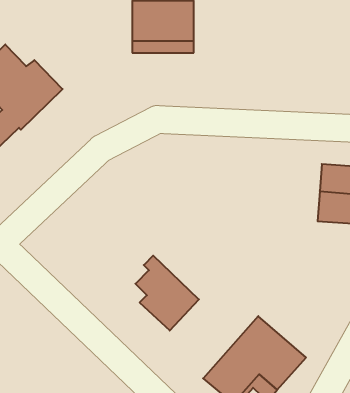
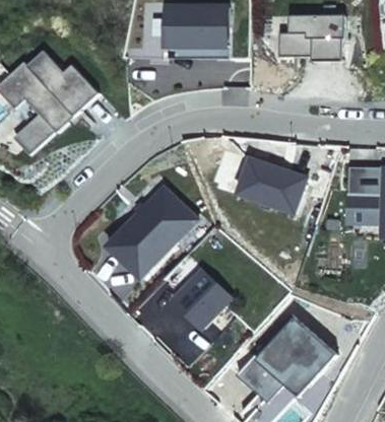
building: none -> [278,16,343,63]
building: none -> [238,157,308,213]
building: none -> [107,185,196,275]

